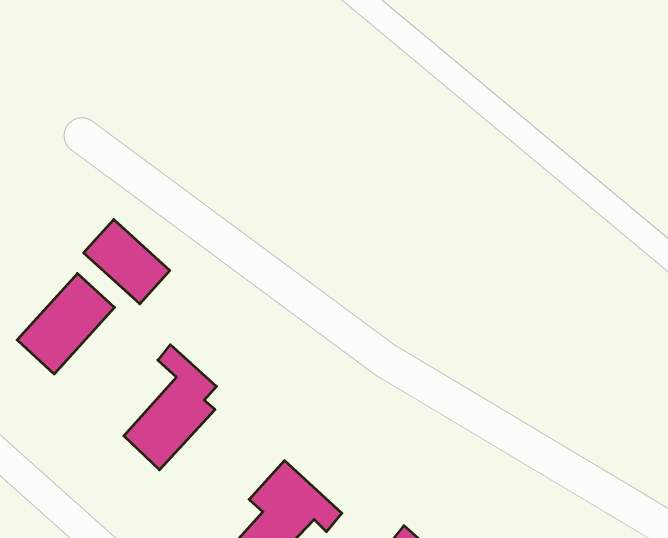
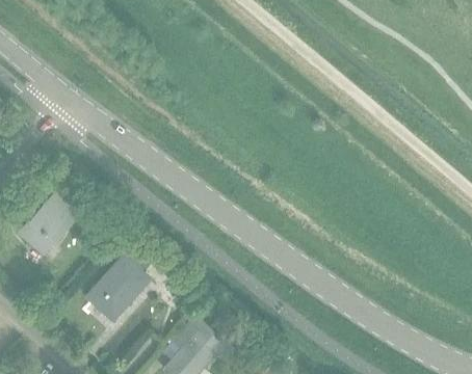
building: [84,219,170,304] -> none

